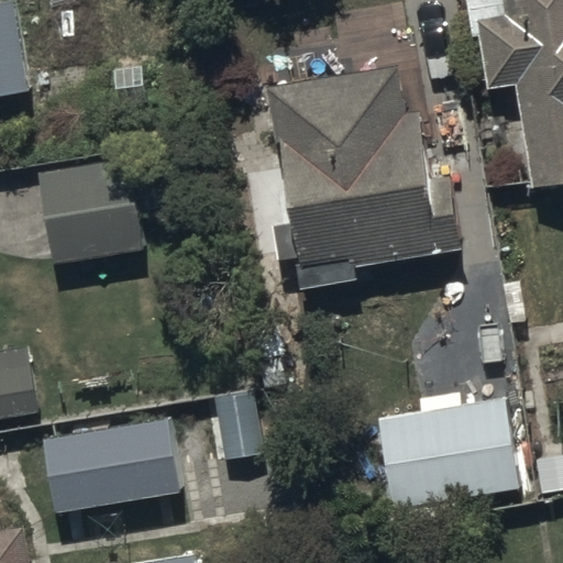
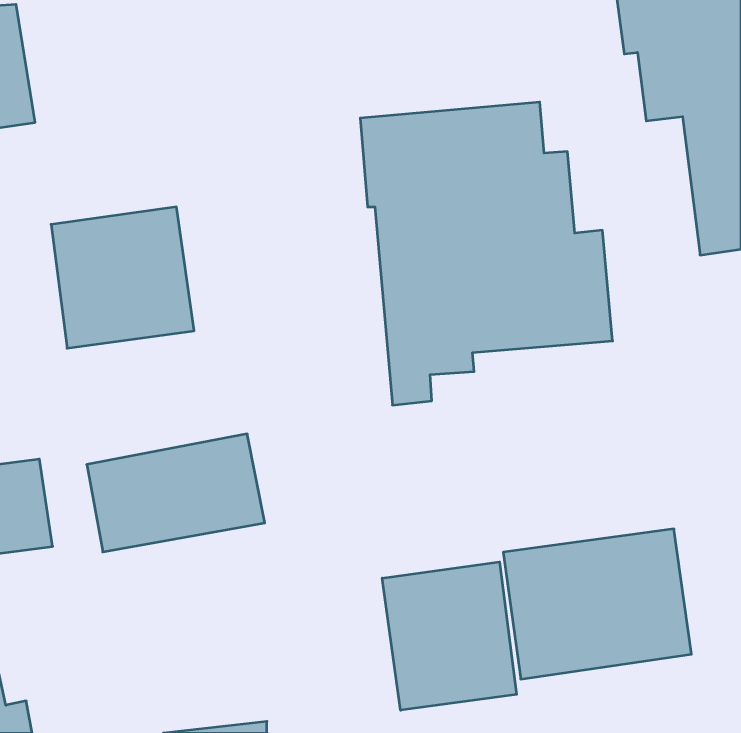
building: [44,409,178,498] -> [87,434,265,552]
building: none -> [382,562,517,710]

